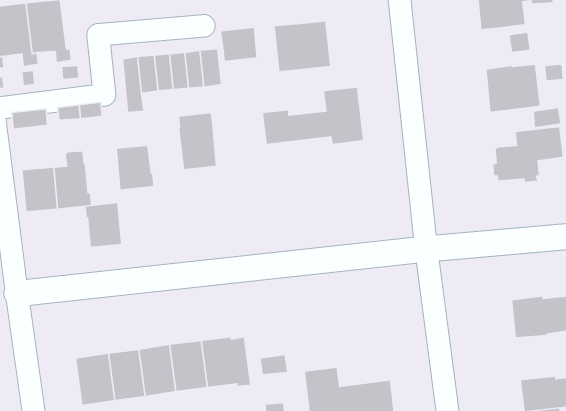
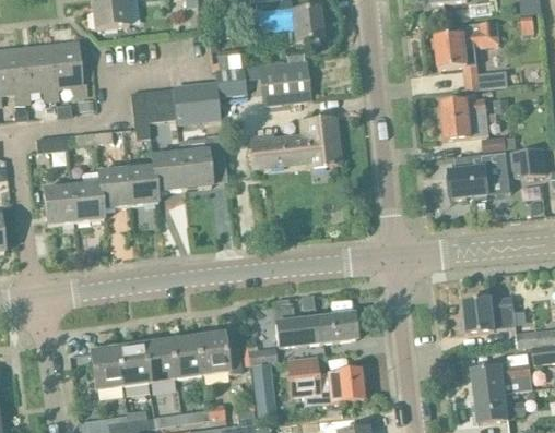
building: none -> [151,152,184,191]
building: [85,202,122,247] -> [97,169,129,207]
building: none -> [276,311,357,346]

